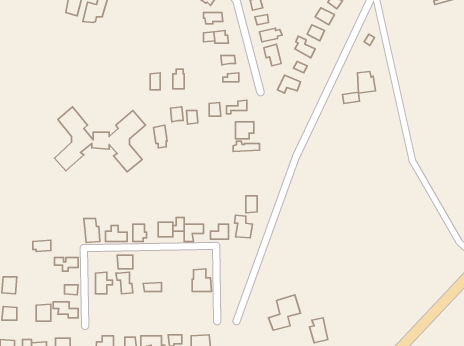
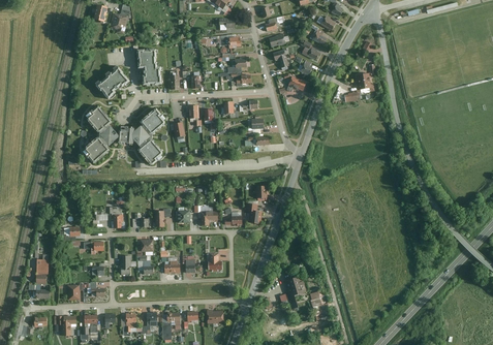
building: none -> [136,49,161,85]
building: none -> [94,66,129,99]

